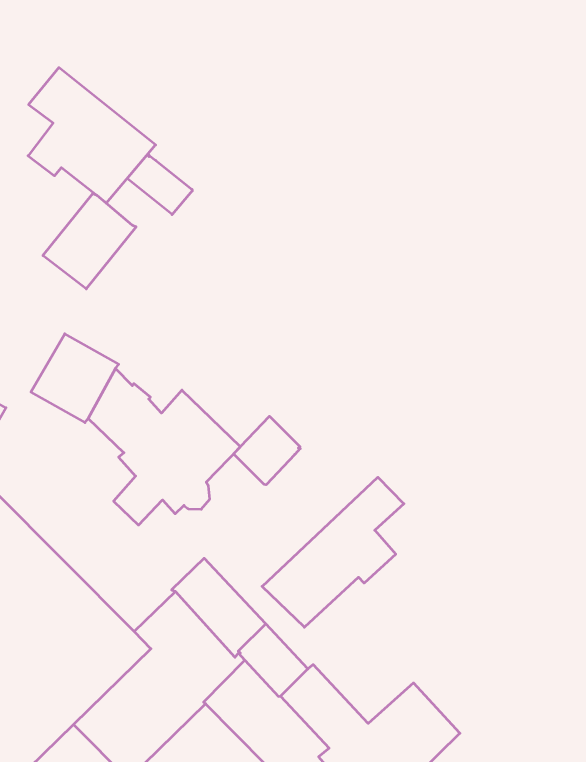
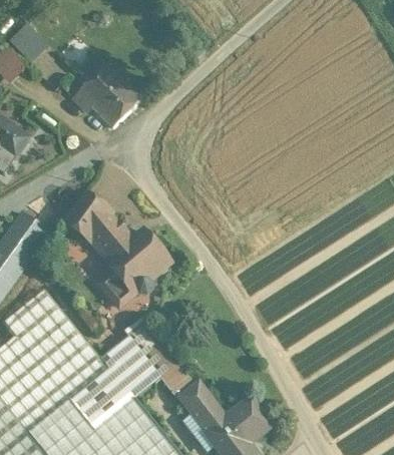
building: [127,155,192,215] -> none
building: [43,193,136,289] -> none
building: [234,416,300,485] -> none
building: [262,477,404,627] -> none

